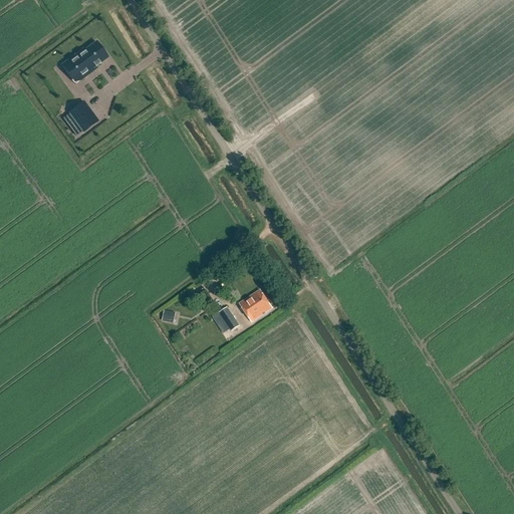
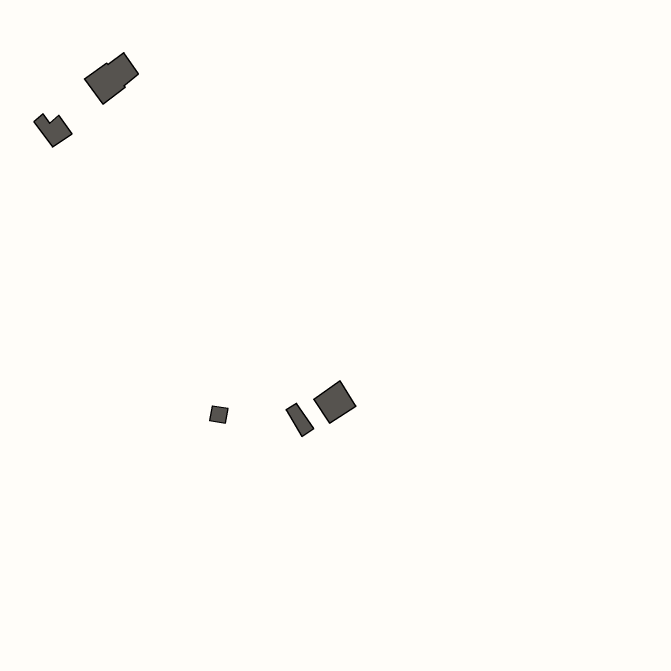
building: [67,105,96,131] -> [34,114,72,147]

